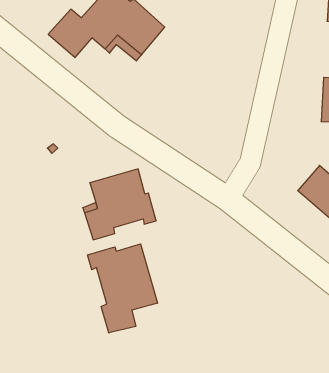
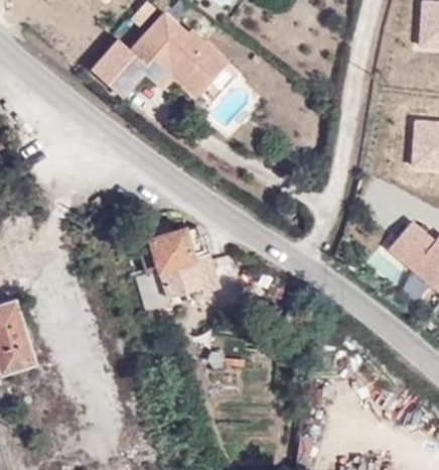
building: [88,244,157,333] -> none

